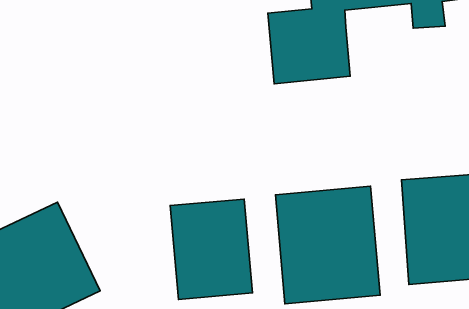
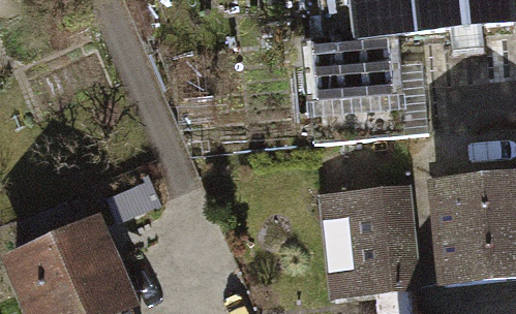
building: [170,199,253,299] -> none

